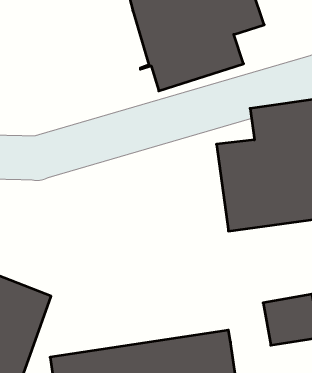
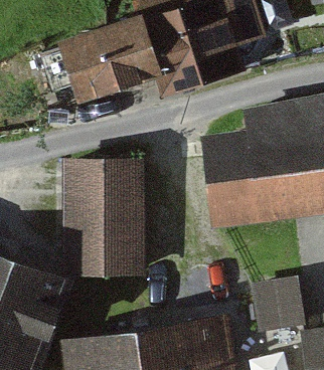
building: none -> [37,20,150,100]
building: none -> [65,163,134,273]

